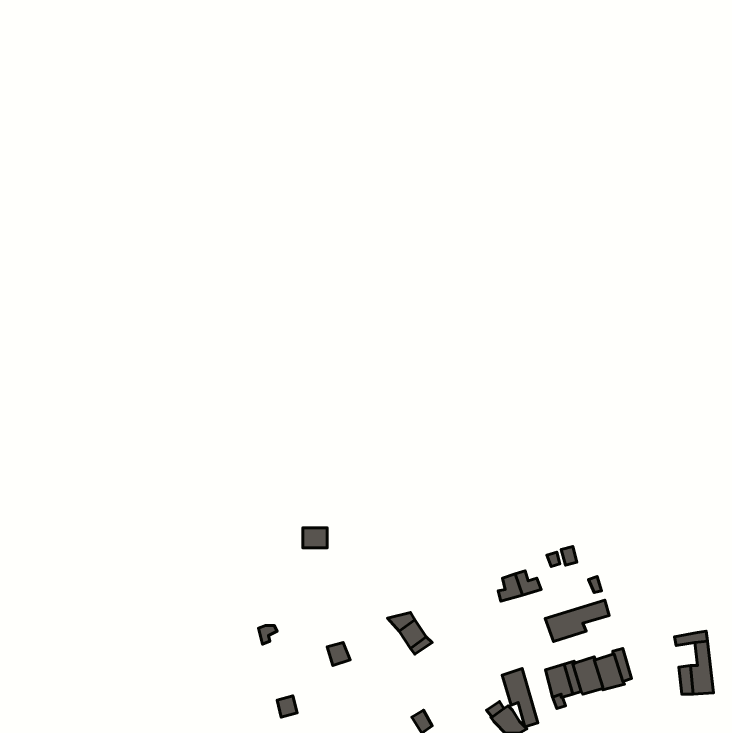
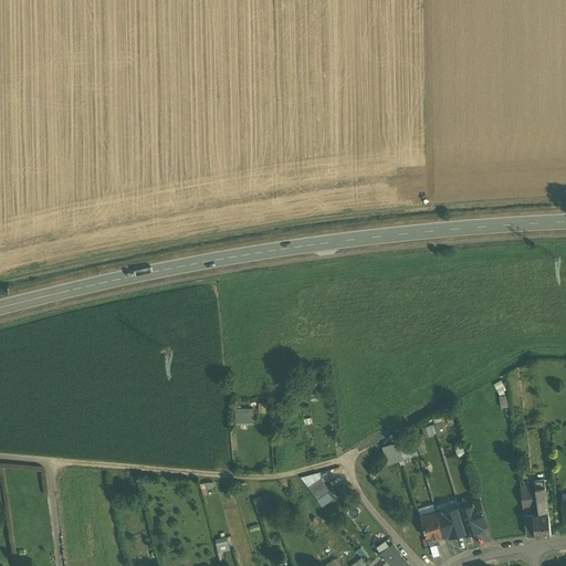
building: [545,600,609,642] -> none
building: [502,669,538,727] -> none

